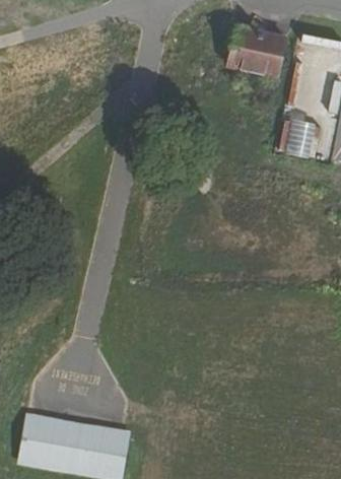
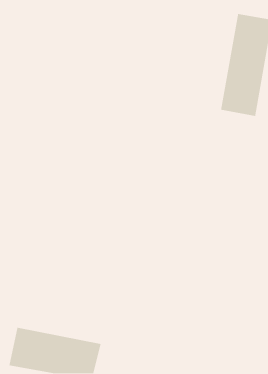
building: [231,32,288,88] -> none

